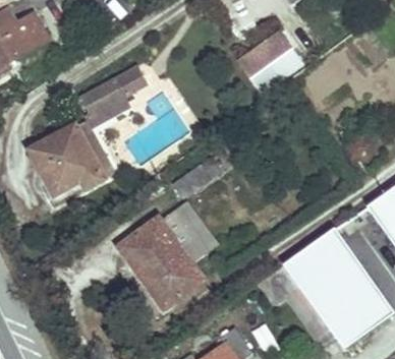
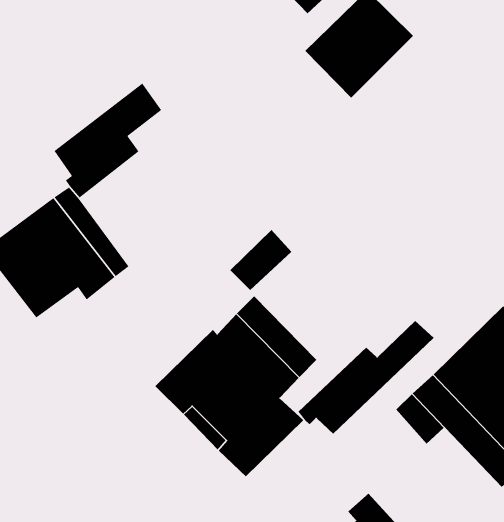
building: none -> [298,320,434,434]

